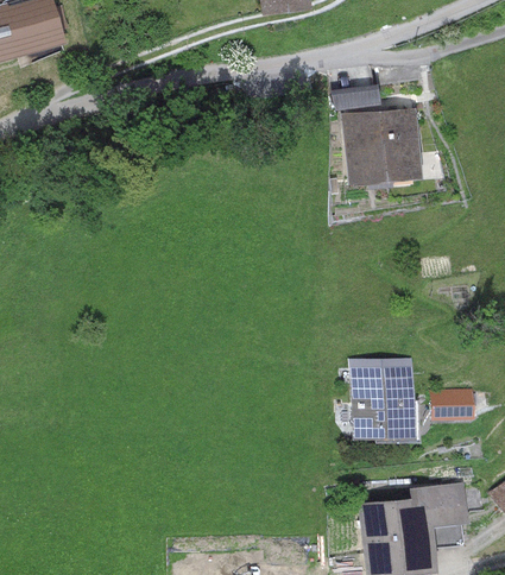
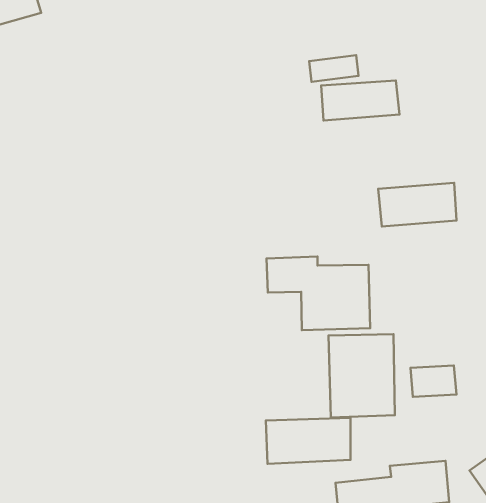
building: [345,141,422,184] -> [378,183,457,226]
building: none -> [267,256,370,330]
building: none -> [266,418,351,464]

